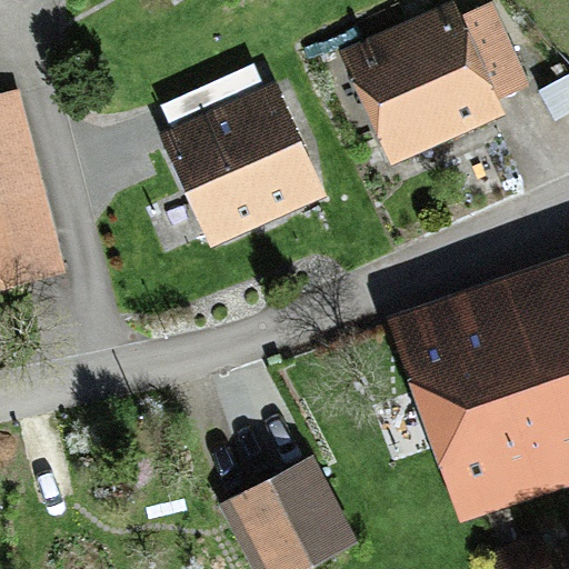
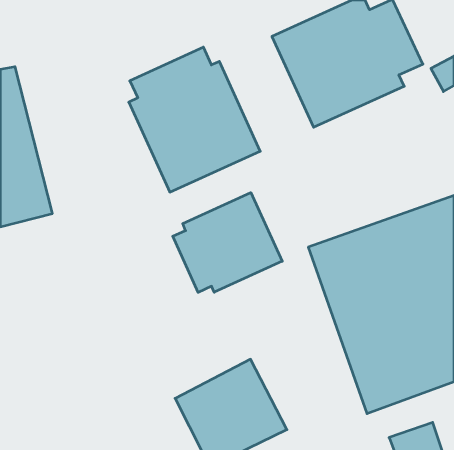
building: none -> [173,193,282,292]

